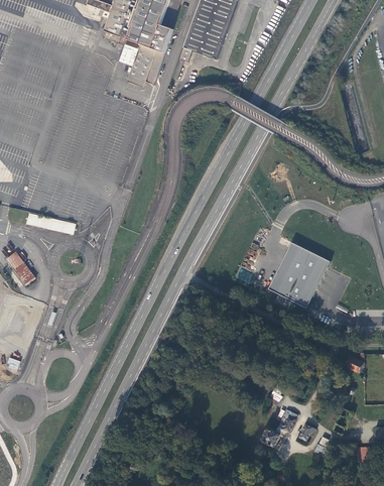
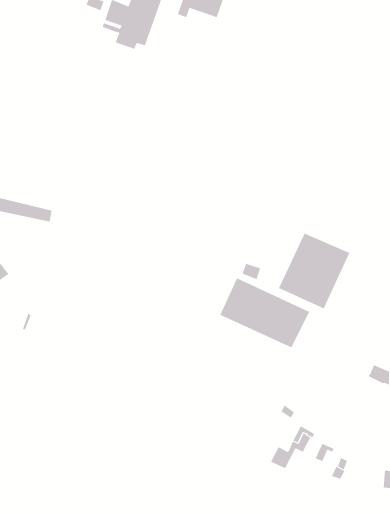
building: none -> [220,278,310,348]

